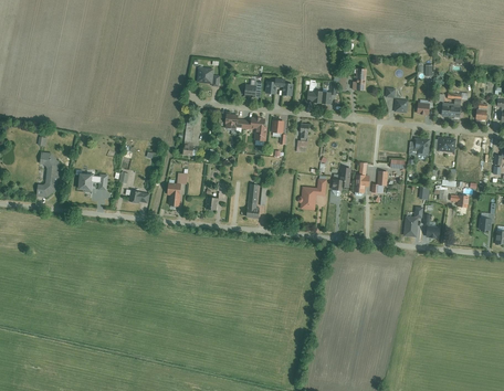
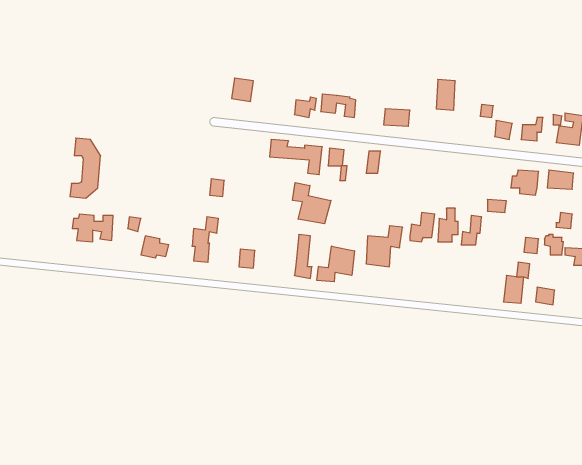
building: none -> [293,183,331,224]
building: [36,151,60,197] -> [70,138,101,198]
building: none -> [317,246,354,282]

